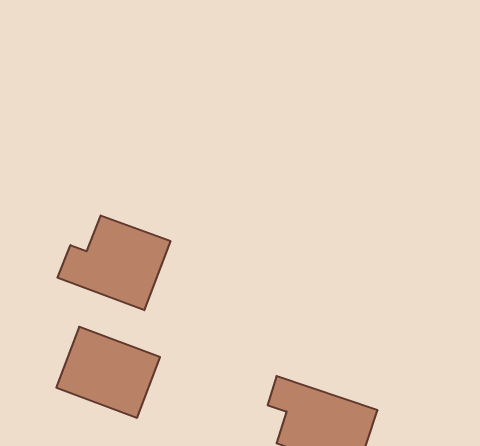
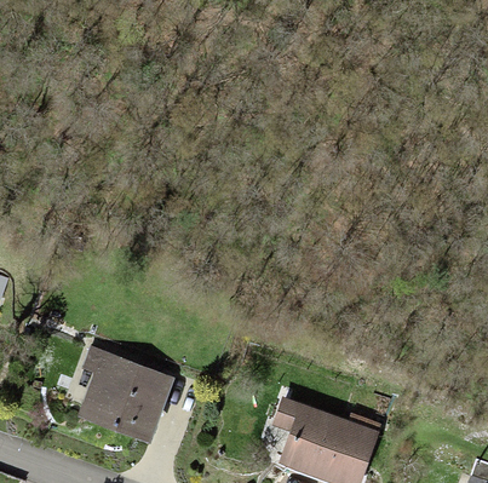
building: [57,215,170,310] -> none

